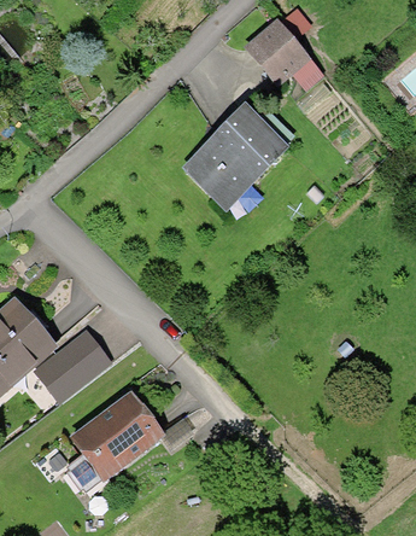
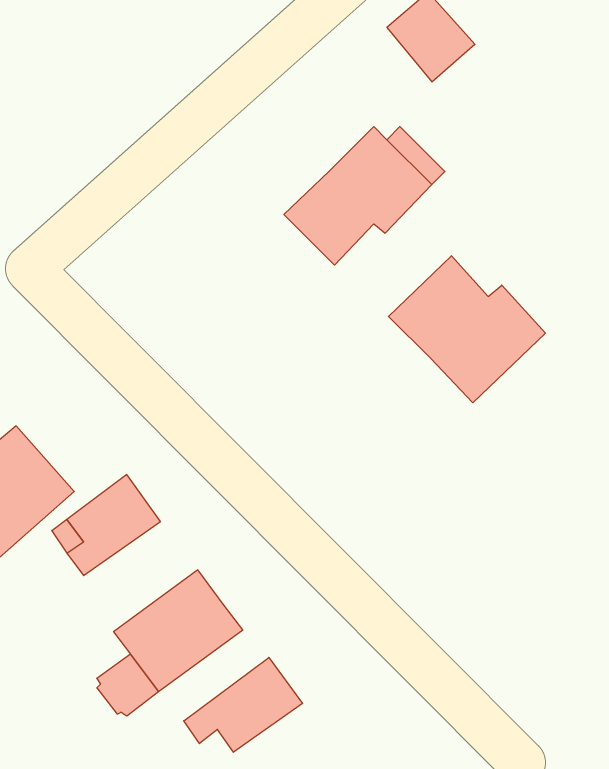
building: none -> [388,256,545,403]
building: none -> [184,657,303,752]

